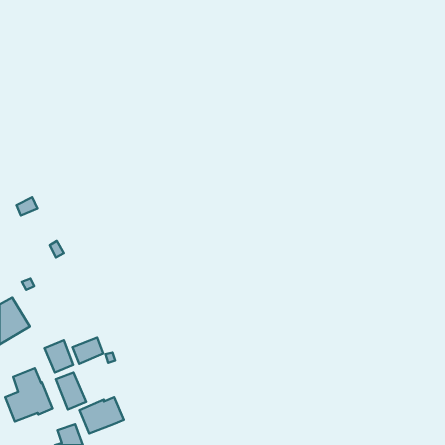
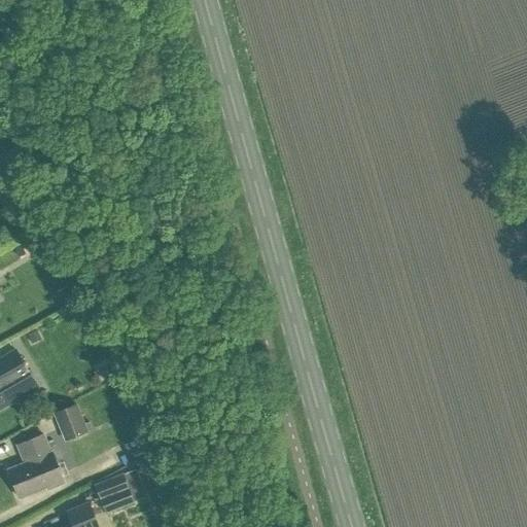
building: [73,338,103,364] -> none
building: [56,372,86,409] -> none

